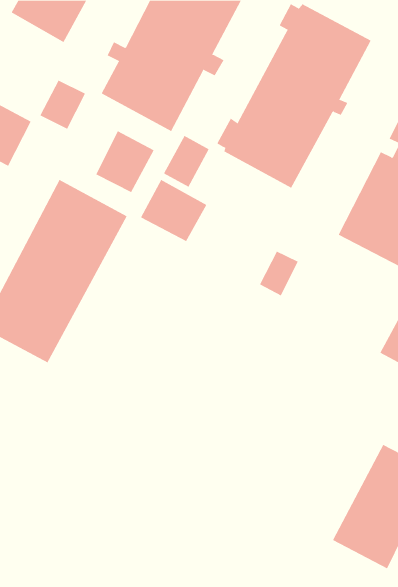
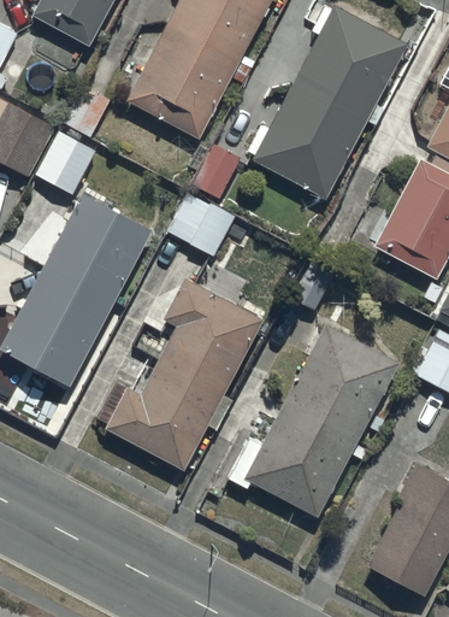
building: [96,130,154,193] -> [36,127,98,192]
building: none -> [98,274,262,468]
building: none -> [228,324,398,517]

